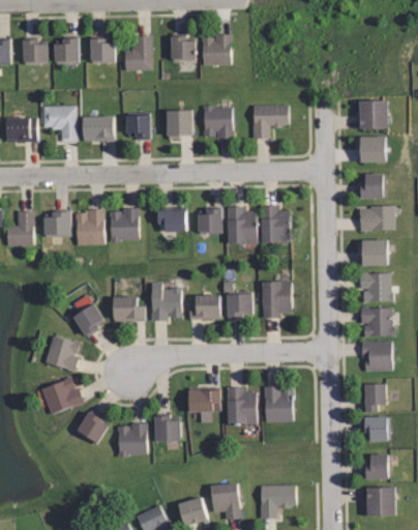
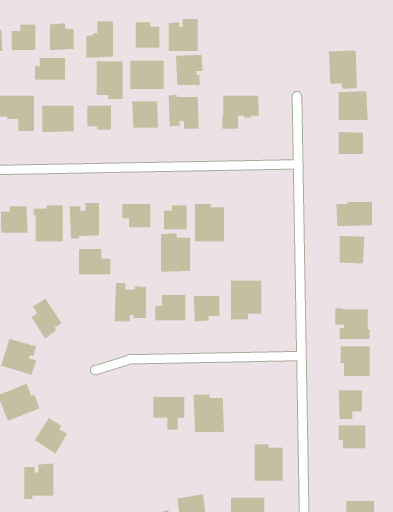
building: none -> [328,50,358,89]
building: none -> [176,54,203,86]
building: none -> [34,57,65,81]
building: none -> [130,60,164,90]
building: none -> [96,61,123,100]
building: [358,174,385,199] -> none
building: [260,206,289,243] -> [160,233,191,272]
building: [360,273,392,302] -> none
building: [114,296,145,321] -> [78,248,111,275]
building: [265,386,293,421] -> [254,444,283,481]
building: [153,417,180,442] -> none
building: [117,422,146,457] -> [23,463,54,499]
building: [363,455,389,478] -> none

